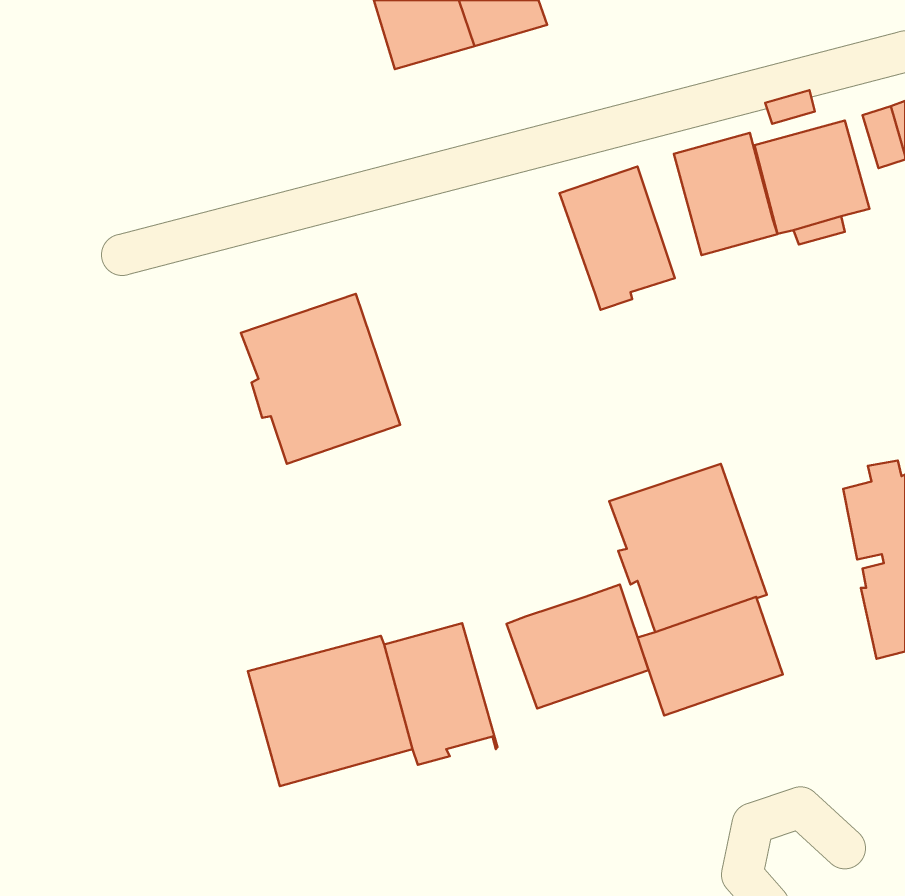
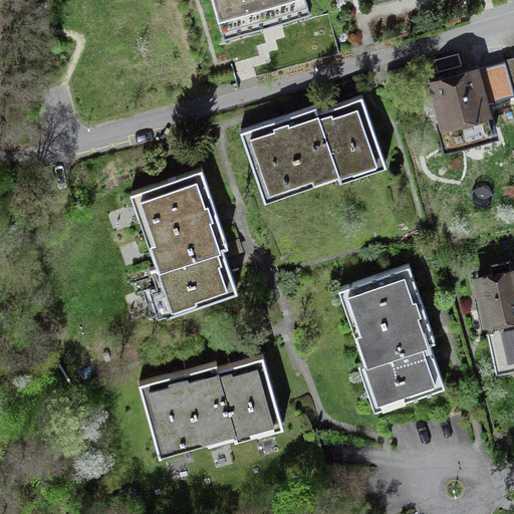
building: [674,133,778,255] -> none
building: none -> [242,108,337,197]
building: none -> [153,248,237,315]
building: [506,584,649,708] -> none

